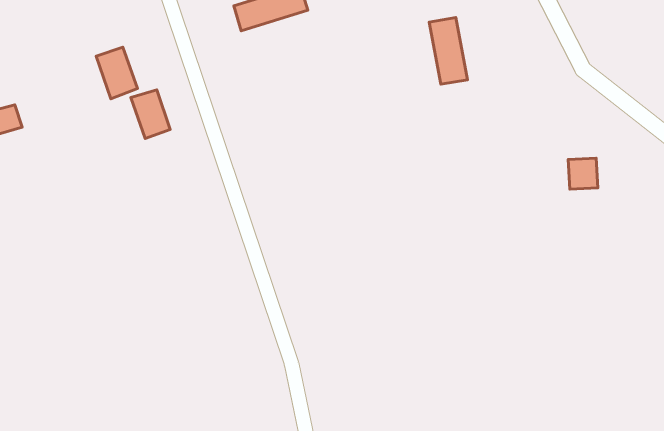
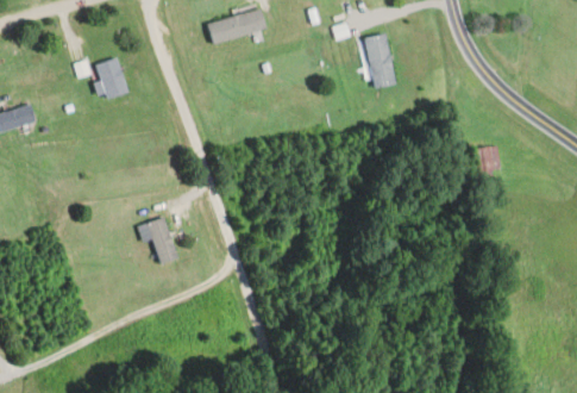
building: [131,90,170,139] -> none
building: none -> [138,217,180,266]

